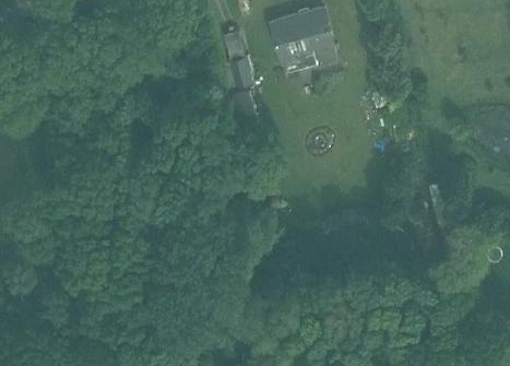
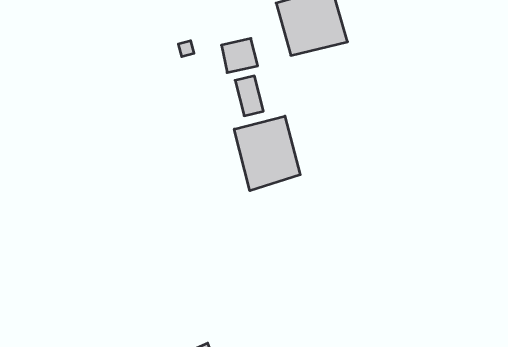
building: none -> [234,116,300,191]

